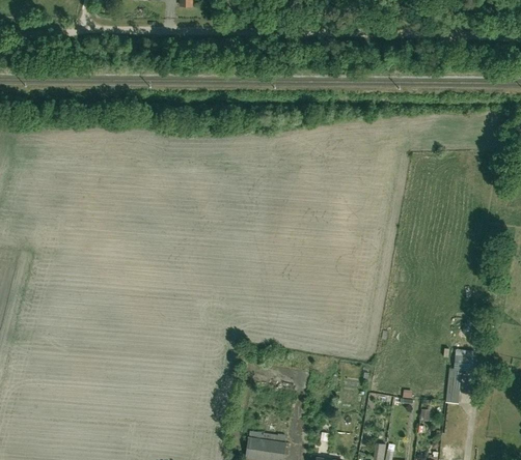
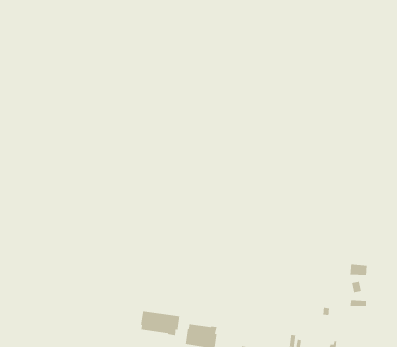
building: none -> [140,311,180,336]

